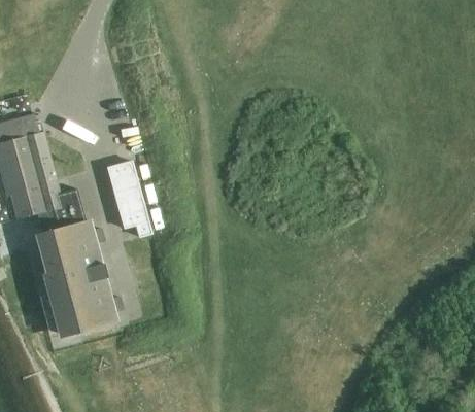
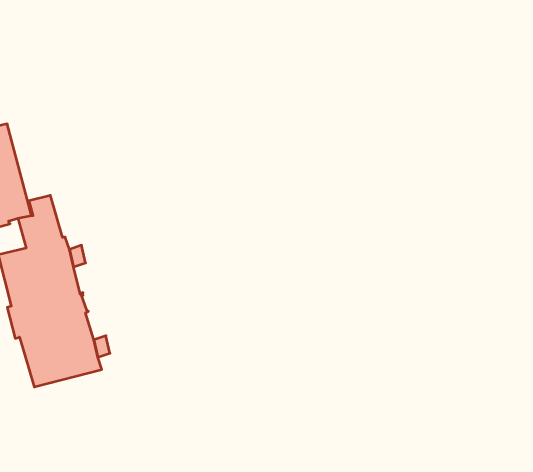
building: [104,162,148,238] -> none

